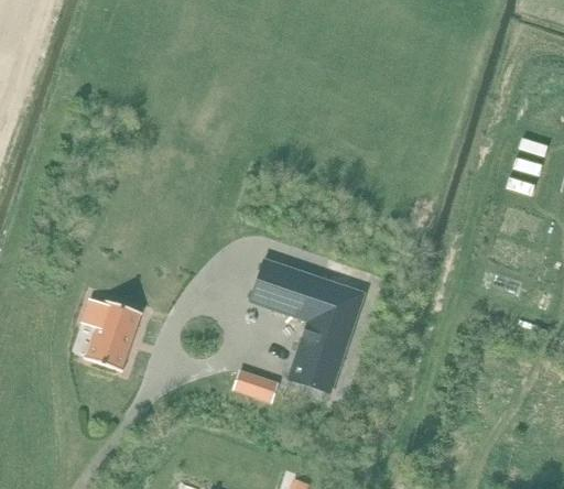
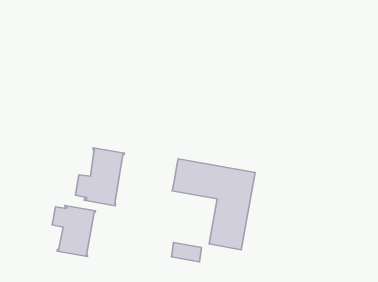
building: none -> [75,148,124,206]

